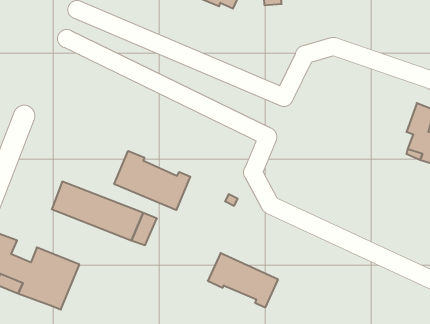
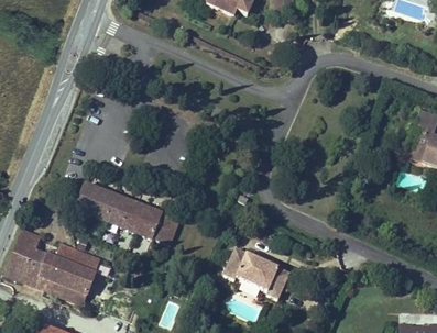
building: [114,151,190,210] -> none

